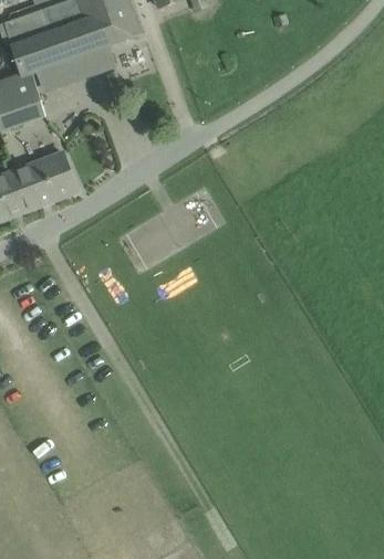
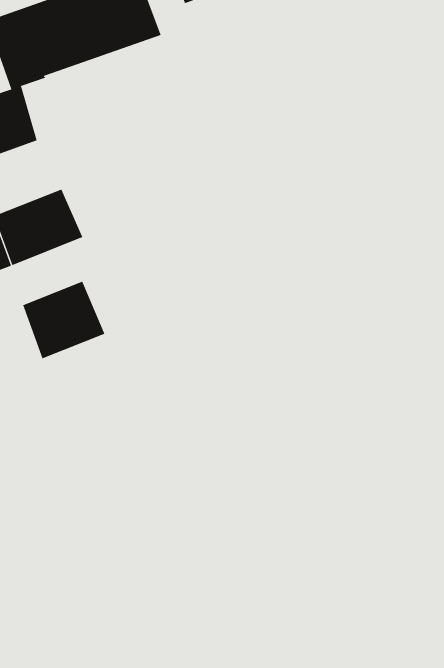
building: none -> [22,281,105,359]

